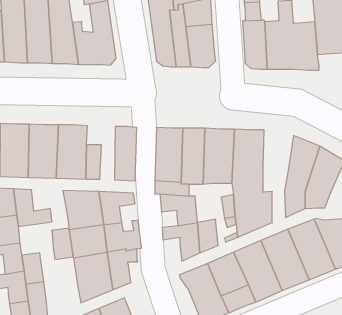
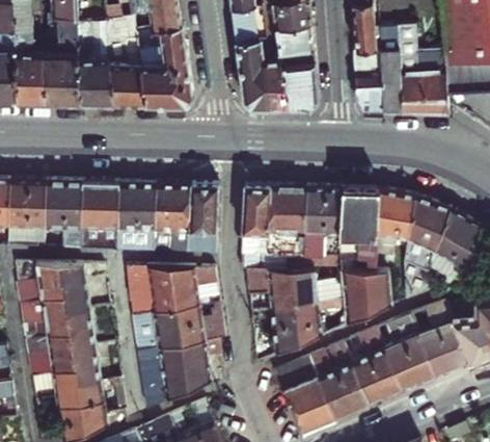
building: none -> [155,184,191,253]
building: none -> [378,189,416,243]
building: none -> [290,257,318,307]
building: [52,228,73,259] -> [69,309,96,348]

